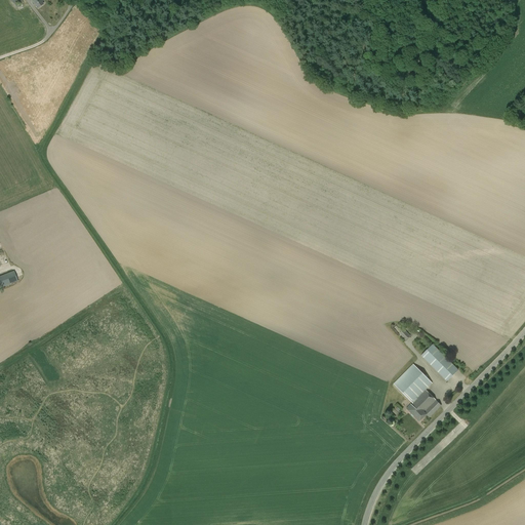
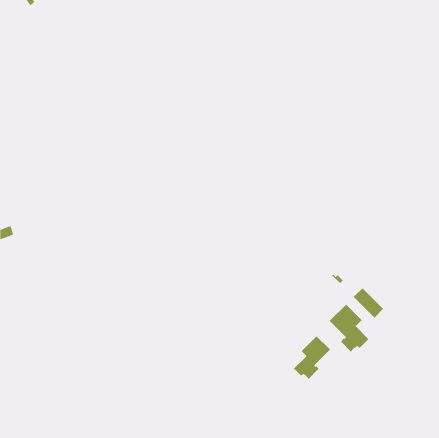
building: none -> [293,335,331,380]

